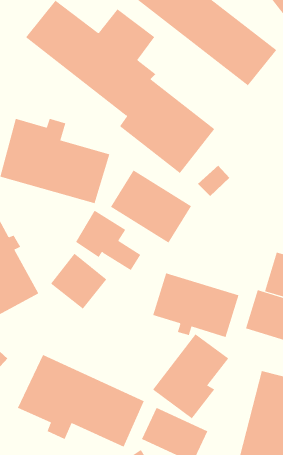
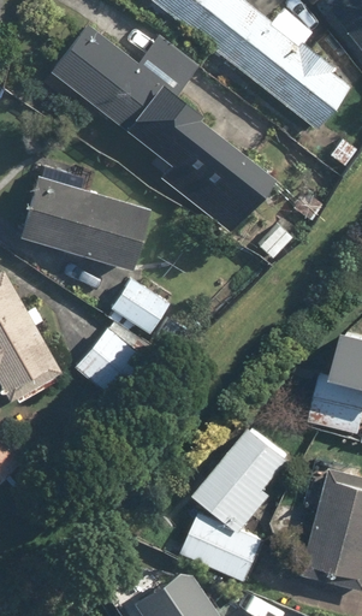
building: [110,169,192,243] -> none
building: [153,272,239,338] -> none
building: [17,354,144,448] -> none

